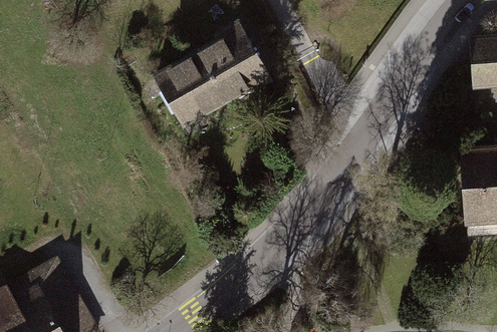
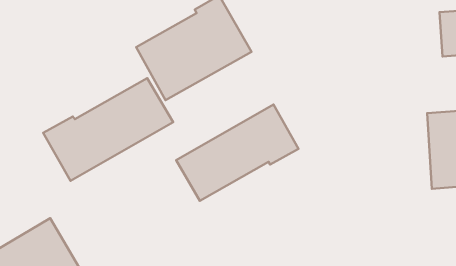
building: none -> [43,78,173,181]
building: none -> [176,105,299,201]

